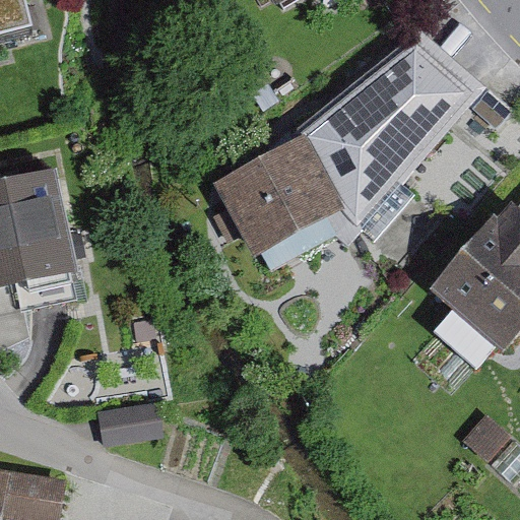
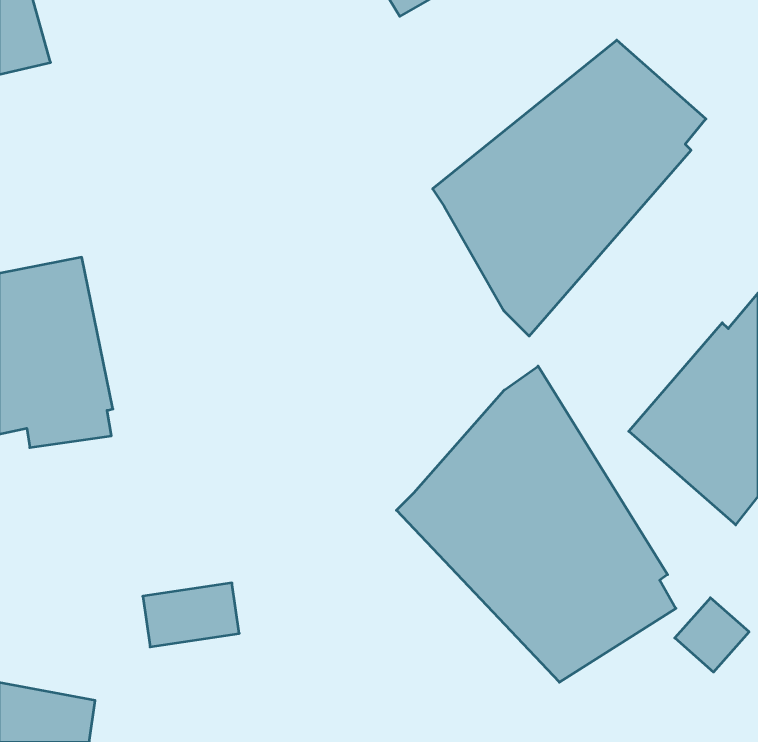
building: [212,141,362,268] -> none
building: none -> [396,366,676,682]

